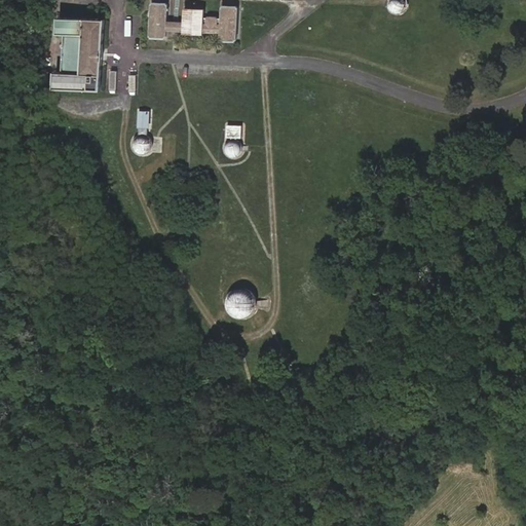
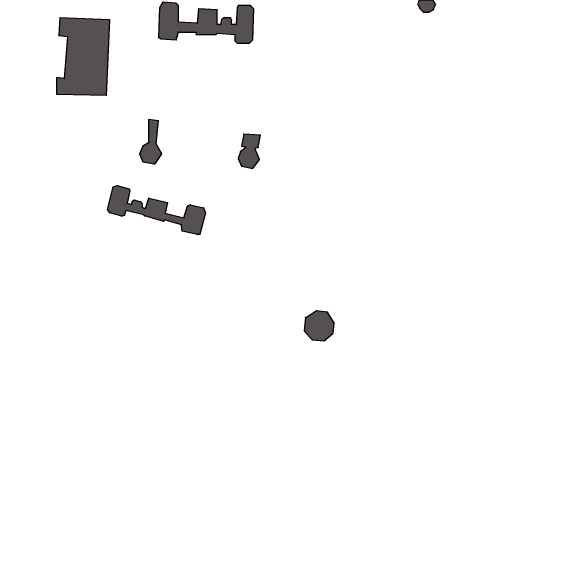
building: none -> [107,186,206,235]
building: [226,289,254,316] -> [304,311,334,341]

